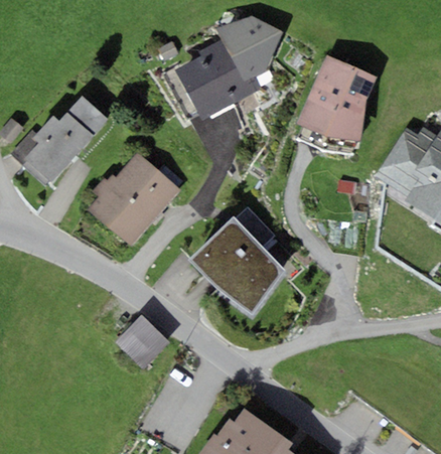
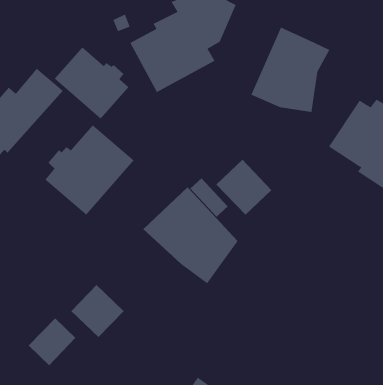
building: none -> [54,47,129,119]
building: none -> [216,159,272,216]
building: none -> [28,317,76,366]

